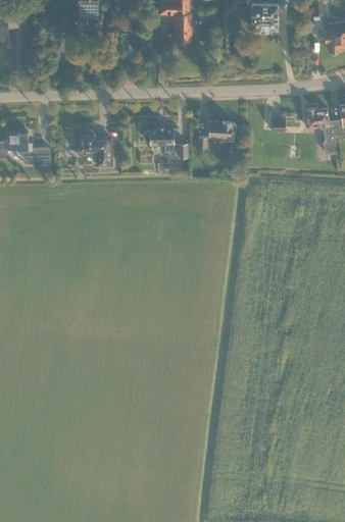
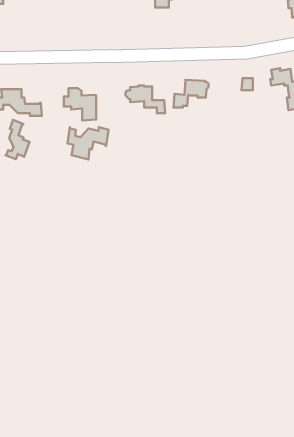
building: none -> [6,120,29,159]
building: none -> [67,127,109,159]

